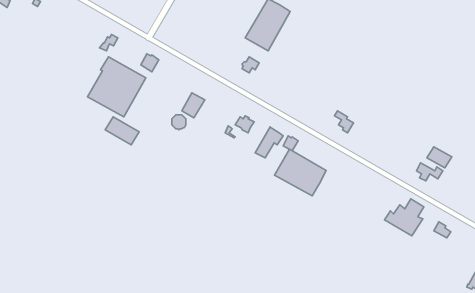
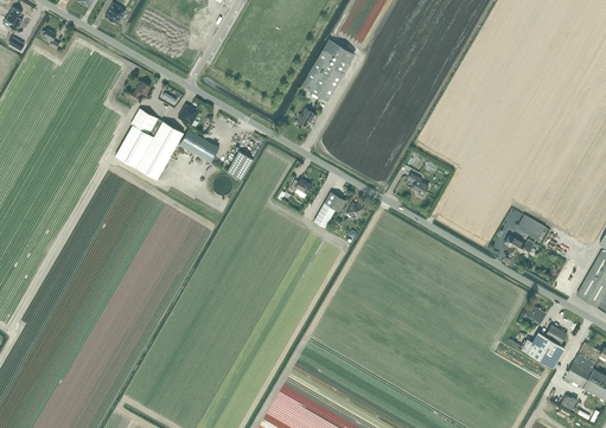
building: [105,117,139,145] -> [179,129,219,162]
building: [274,149,326,196] -> none
building: [385,199,424,236] -> [521,324,567,368]

